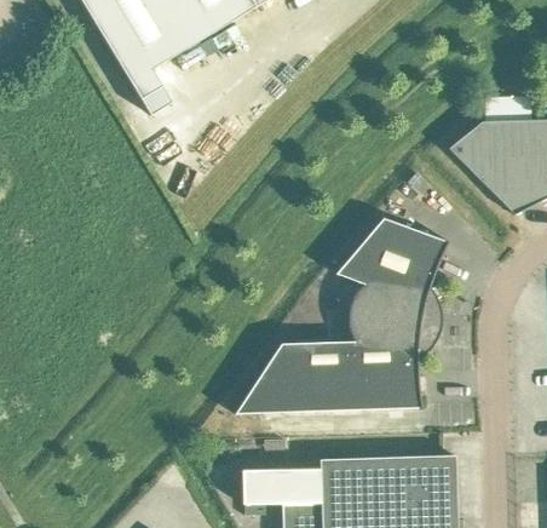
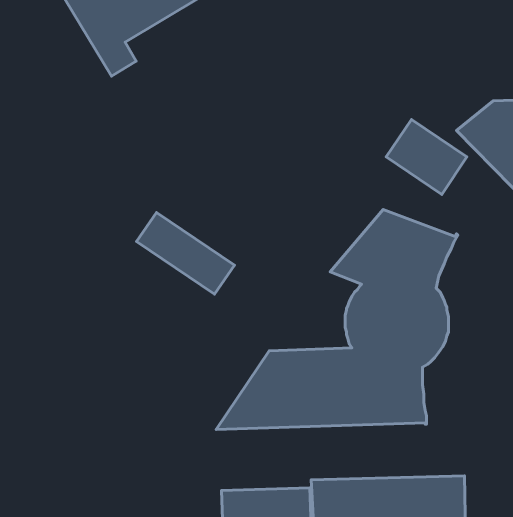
building: none -> [386,120,467,194]
building: none -> [136,212,234,294]

